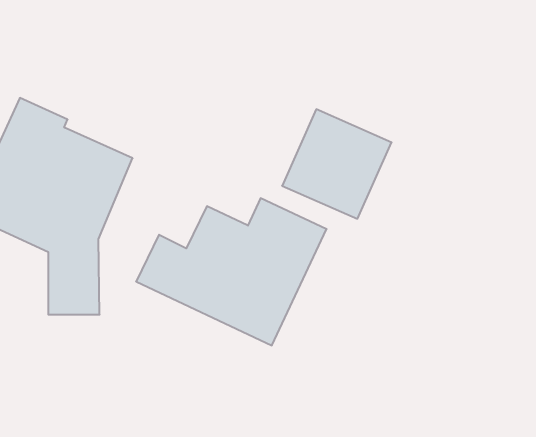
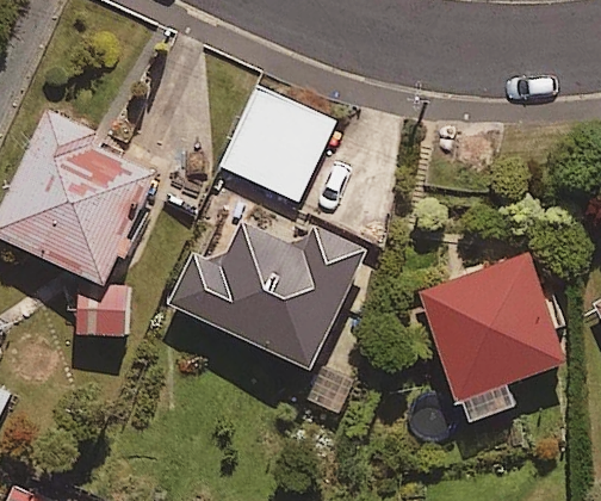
building: [282,109,392,219] -> [219,85,334,199]
building: none -> [419,253,565,422]

